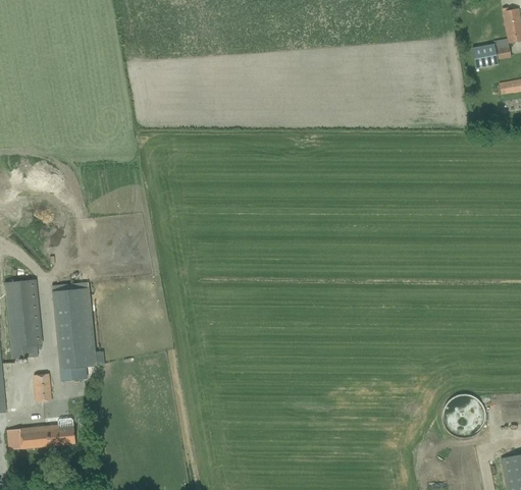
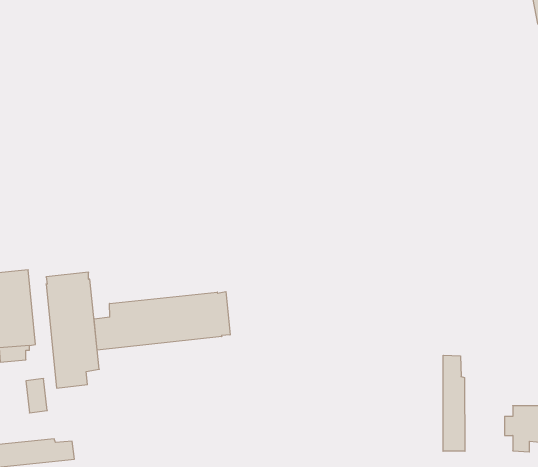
building: none -> [94,292,230,350]
building: none -> [443,355,465,451]

